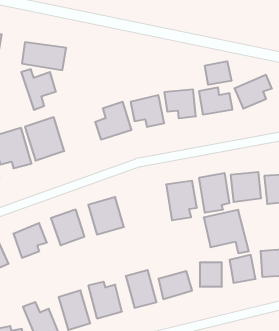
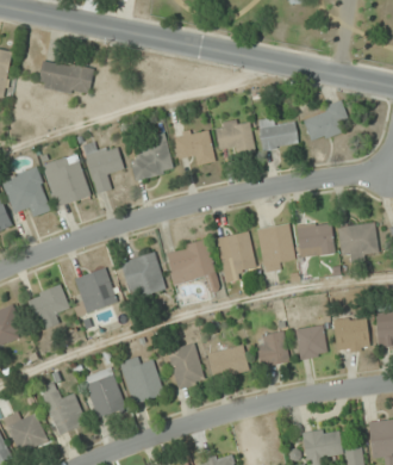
building: [205,61,231,85] -> none
building: [21,69,56,110] -> [81,143,124,193]
building: [204,210,249,253] -> [164,240,220,293]

